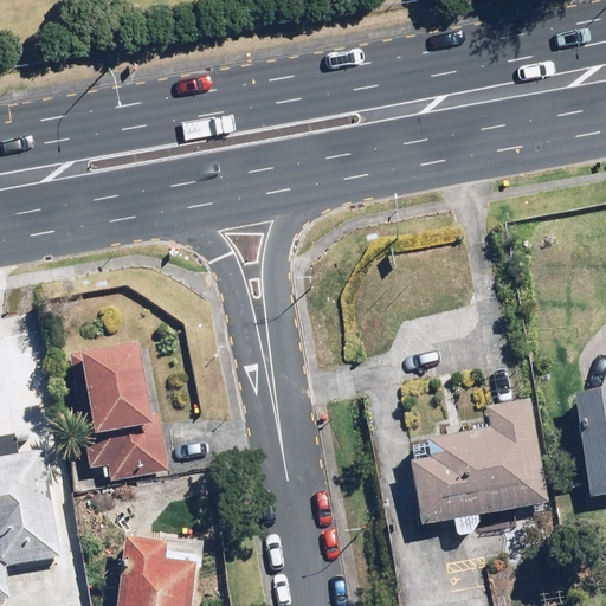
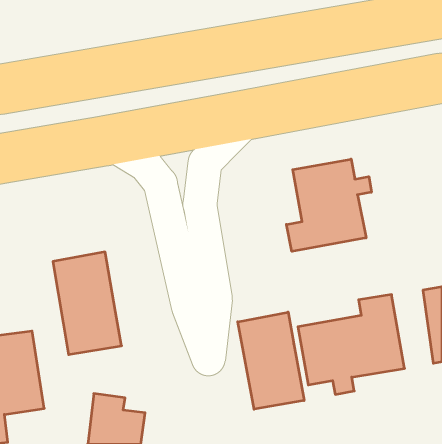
building: none -> [286,159,371,251]
building: none -> [238,312,304,409]

